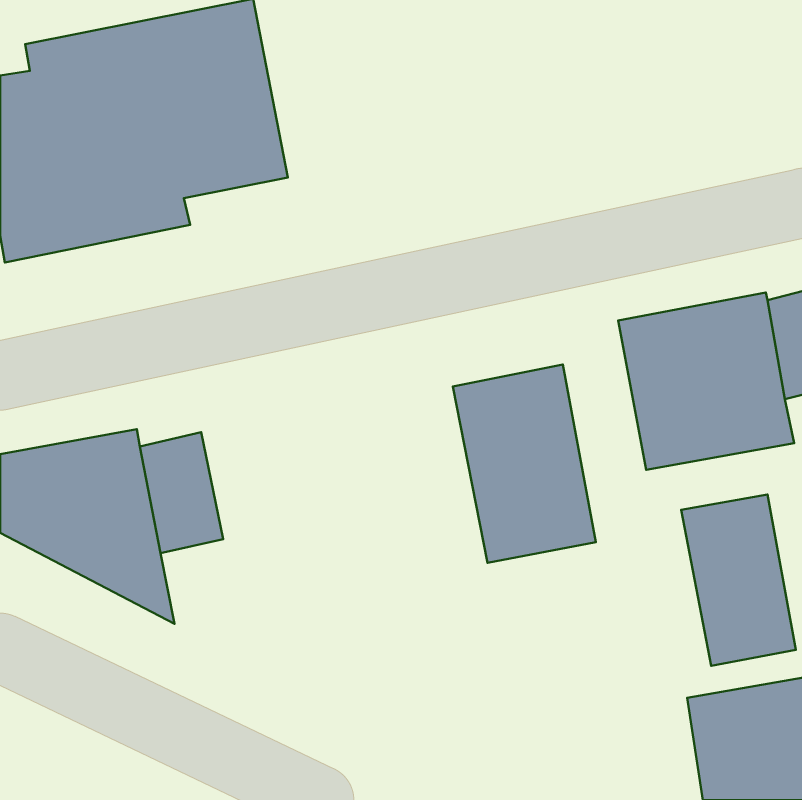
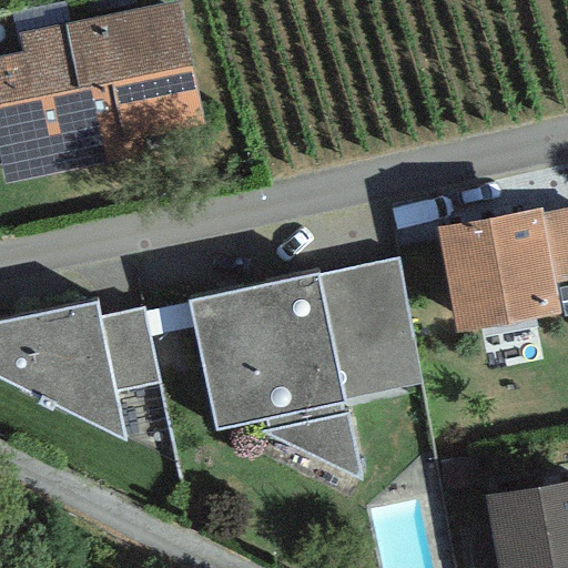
building: none -> [189,273,362,478]
building: [681,495,796,666] -> none

